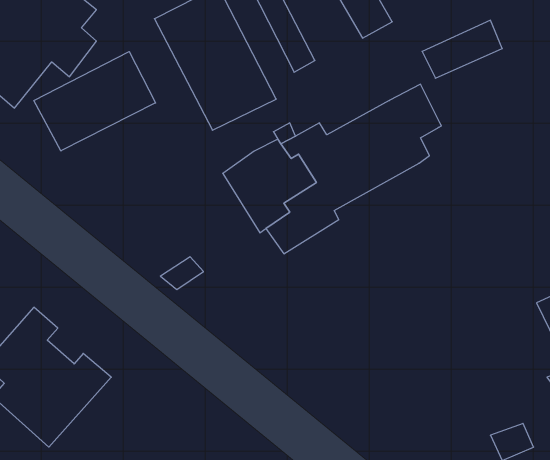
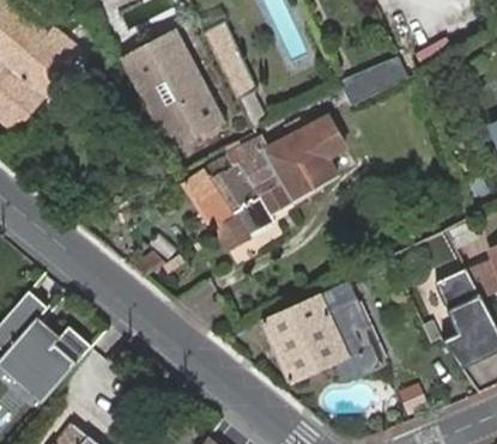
building: [34,52,156,151] -> none
building: none -> [256,284,386,390]

